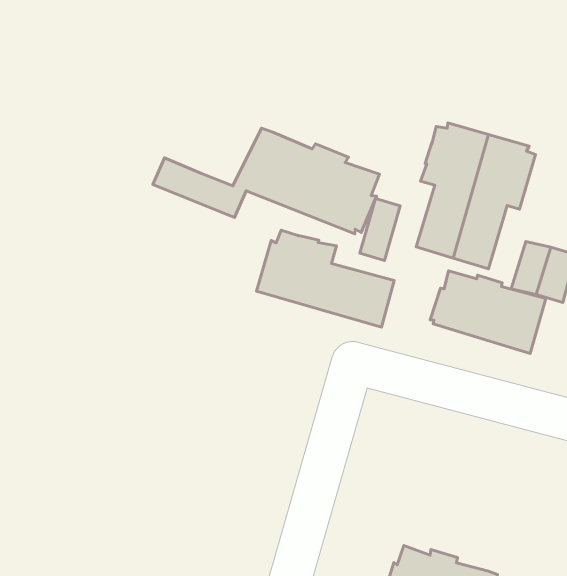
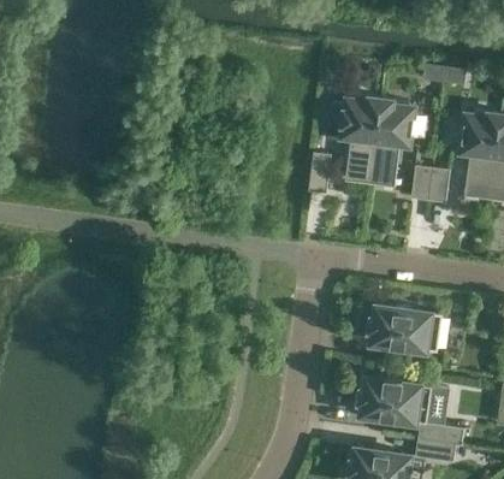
building: [153,128,379,234] -> none
building: [257,230,394,327] -> none
building: [430,271,546,353] -> [368,306,441,351]

